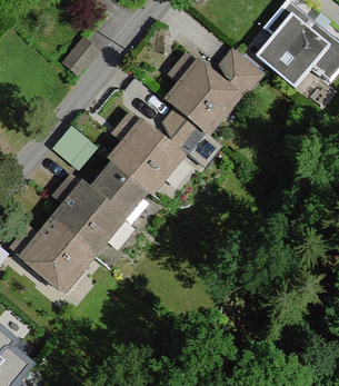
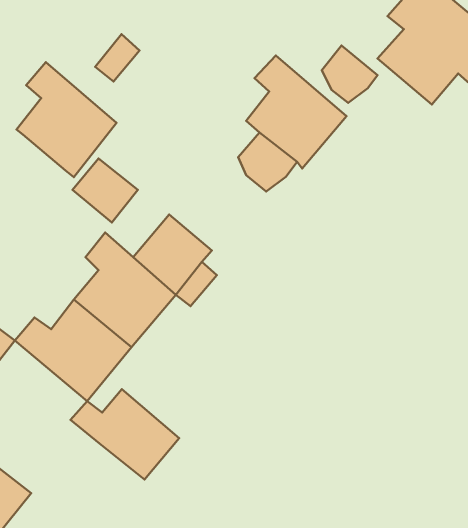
building: [113,113,181,191] -> [16,62,117,177]
building: none -> [70,389,179,480]

